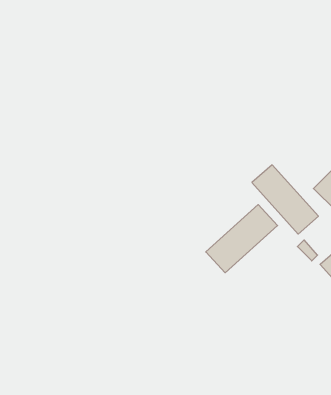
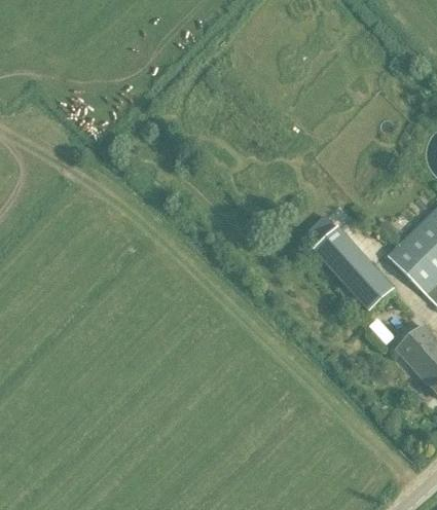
building: [206,205,278,273] -> none

